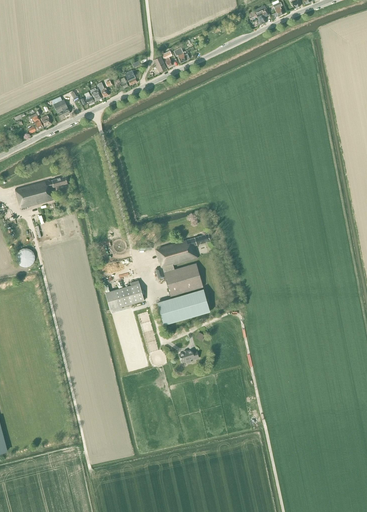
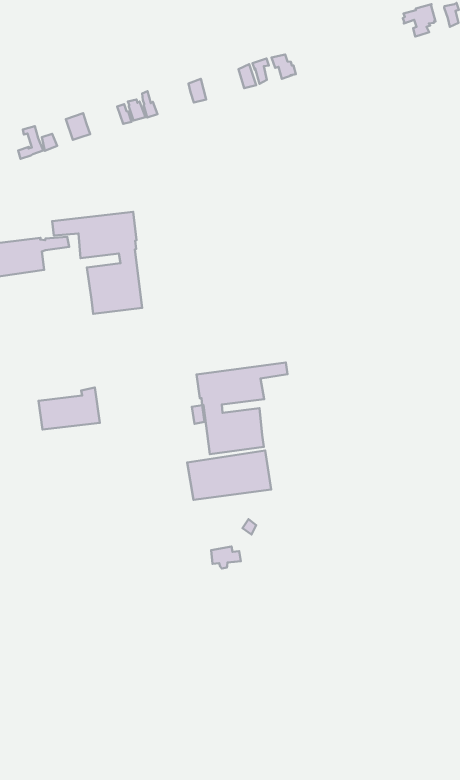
building: none -> [52,212,142,314]
building: [105,280,144,310] -> [38,387,100,430]

